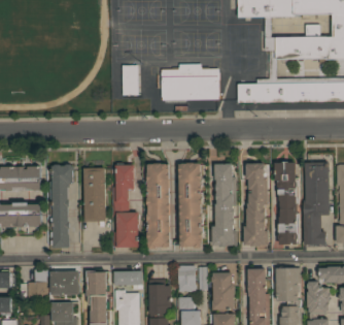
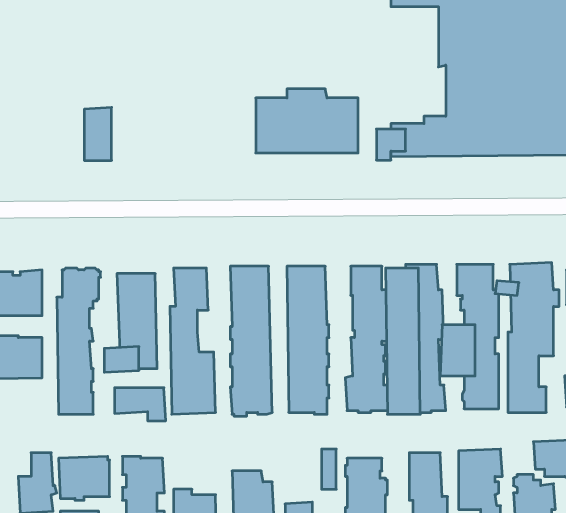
building: [123,65,138,95] -> [84,107,112,160]
building: [178,266,196,292] -> none
building: [114,271,143,290] -> [115,388,166,421]

